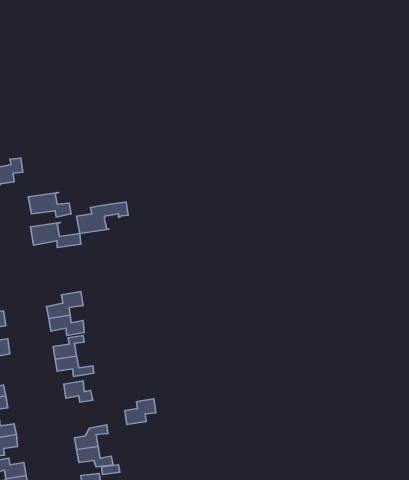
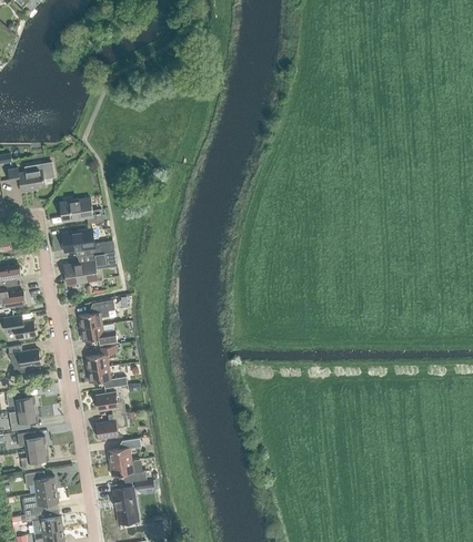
building: [77,202,128,233] -> [63,252,117,284]
building: [125,399,156,425] -> [95,412,128,439]

